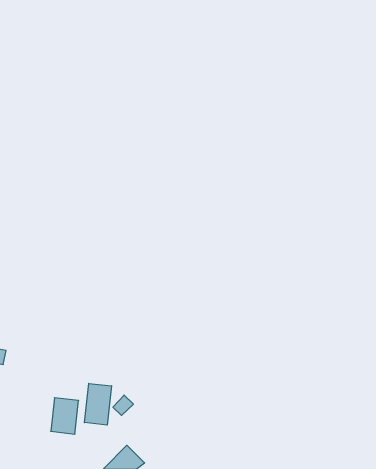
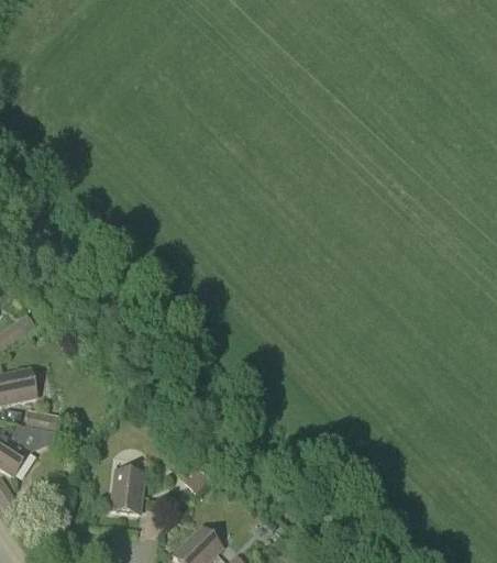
building: [84,383,112,425] -> none

